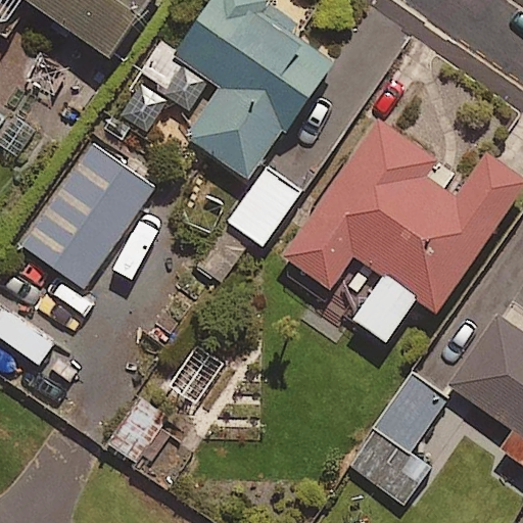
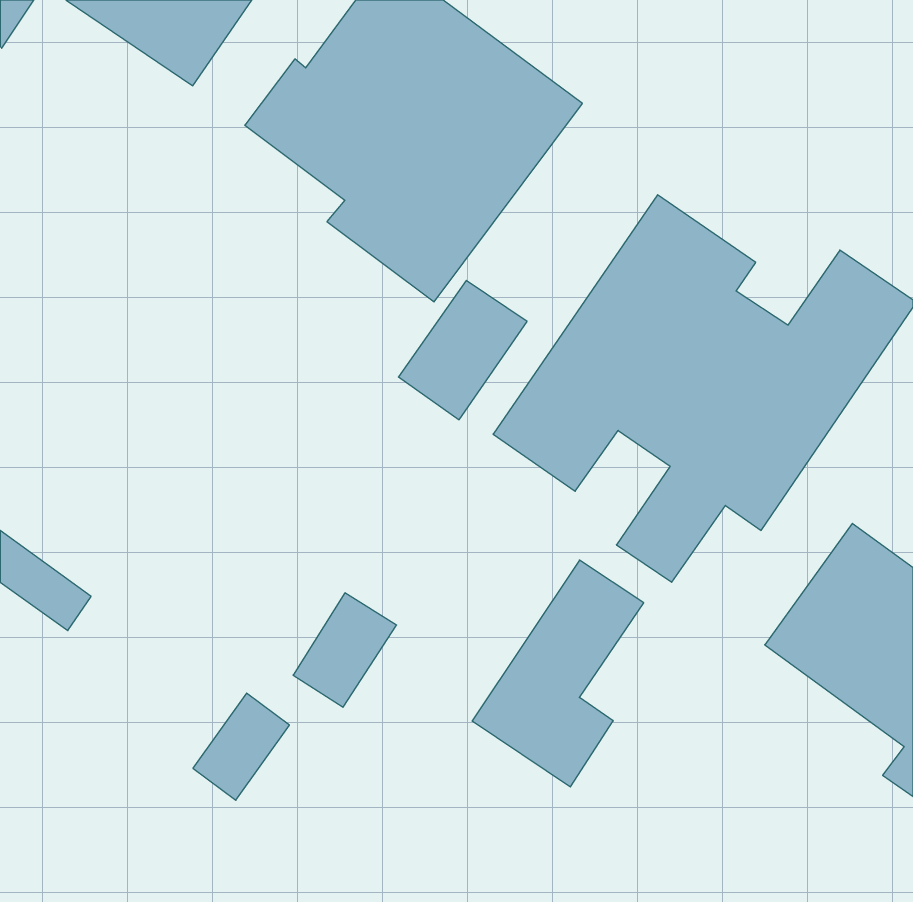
building: [23,146,155,290] -> none
building: [348,377,446,507] -> [472,560,644,787]

